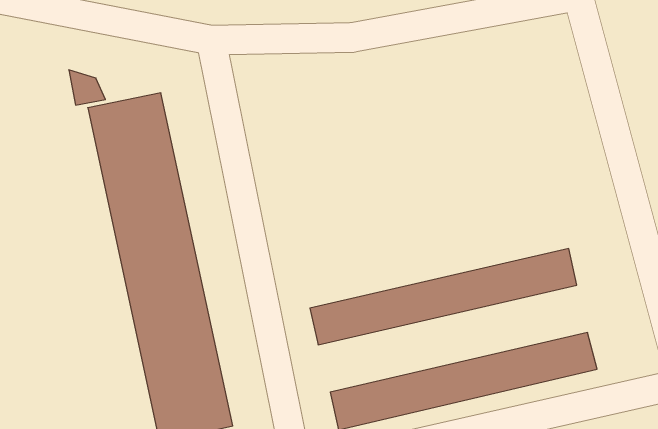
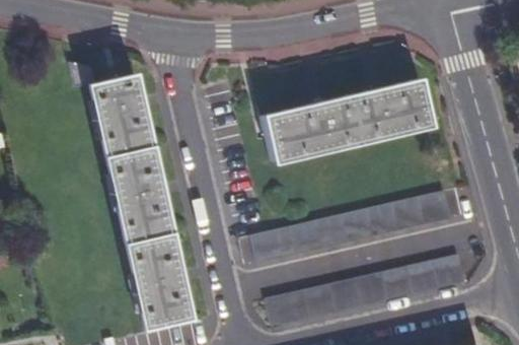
building: none -> [266,79,435,161]

